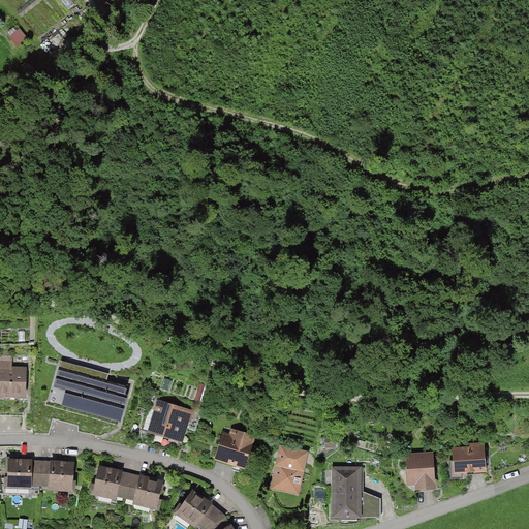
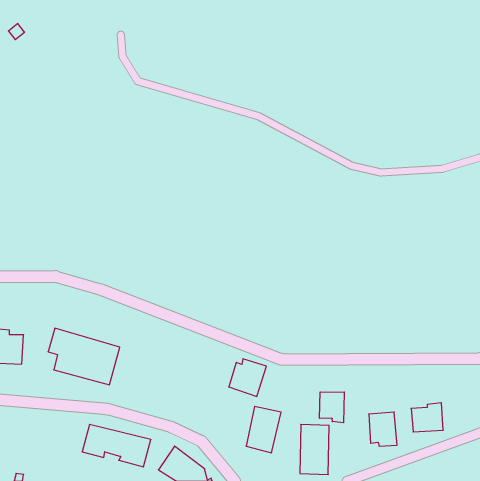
building: [146,401,191,443] -> none
building: [213,428,254,469] -> [229,359,266,396]
building: none -> [320,392,344,423]
building: [6,459,72,491] -> none

